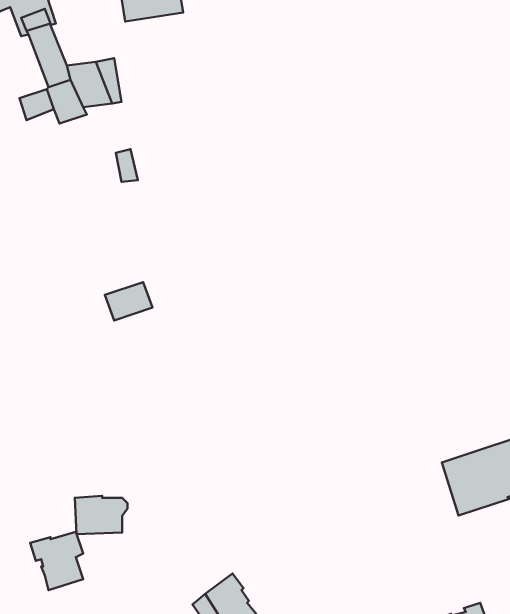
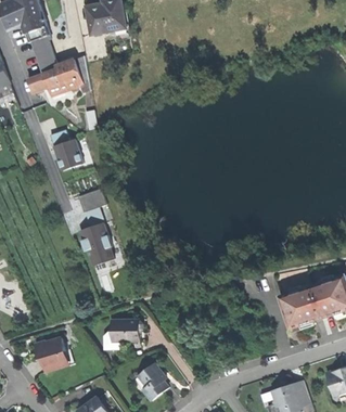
building: none -> [50,129,82,170]
building: none -> [81,223,114,266]
building: [75,496,128,534] -> [111,319,142,342]

